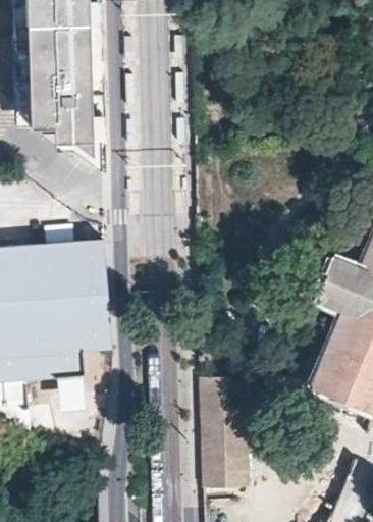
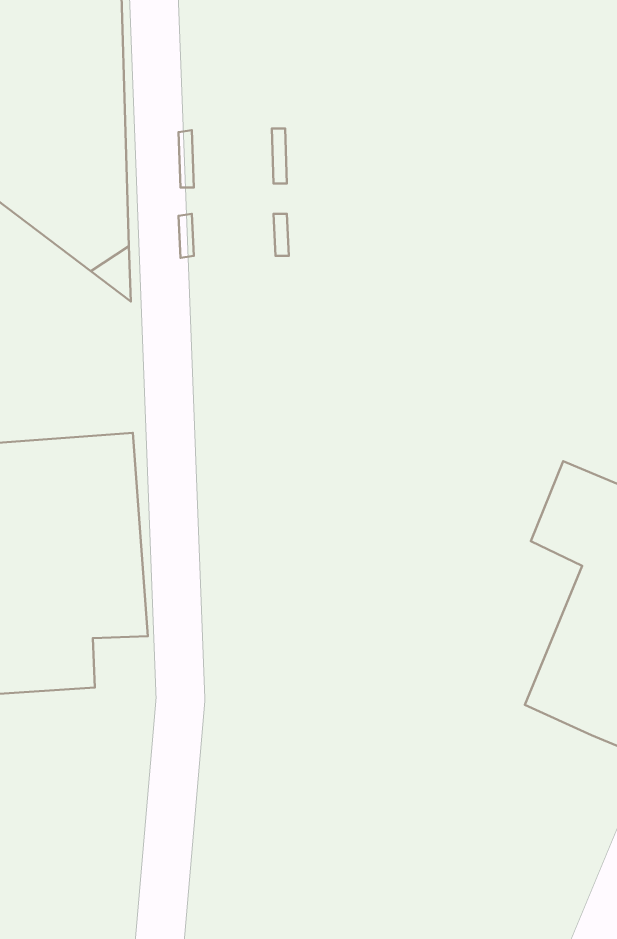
building: [200,377,249,488] -> none

